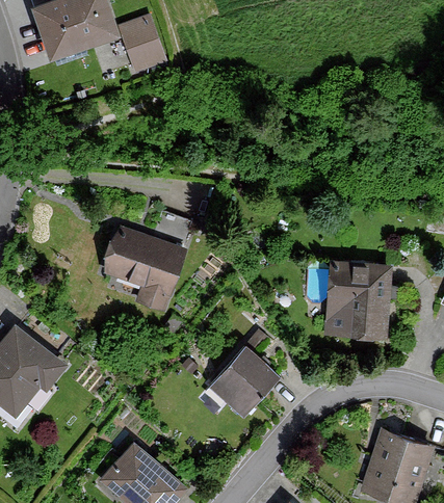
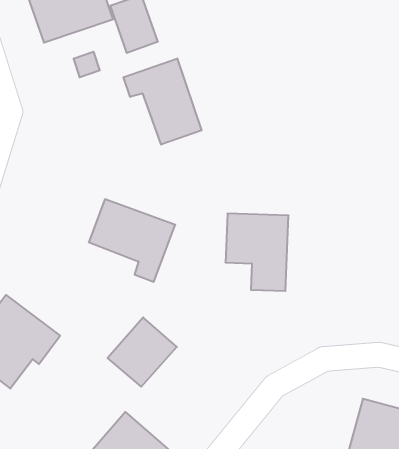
building: none -> [124,58,202,145]
building: [328,263,392,342] -> [225,214,289,291]
building: [209,347,280,418] -> [108,317,177,387]

